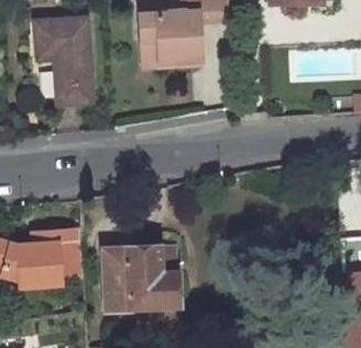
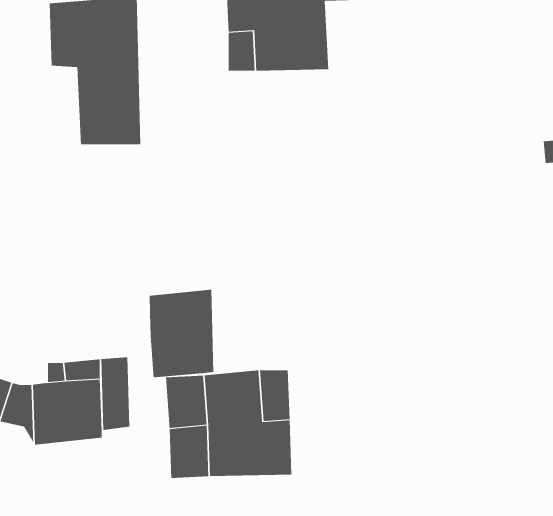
building: none -> [149,289,214,378]

